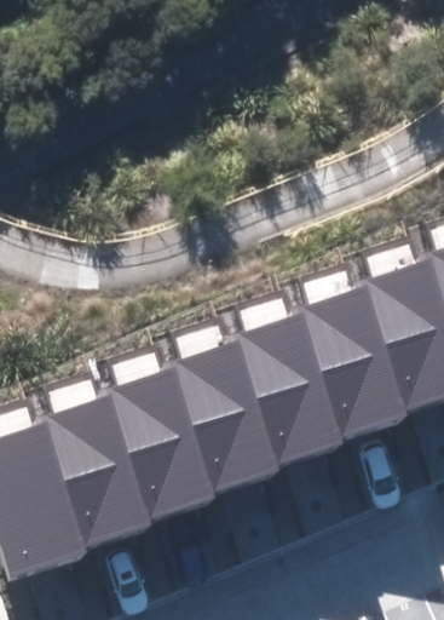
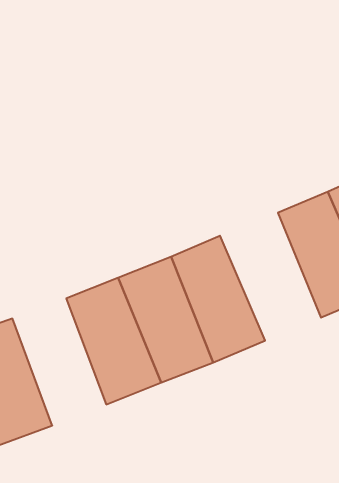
building: [286,291,408,446] -> none
building: [34,395,148,549] -> none

